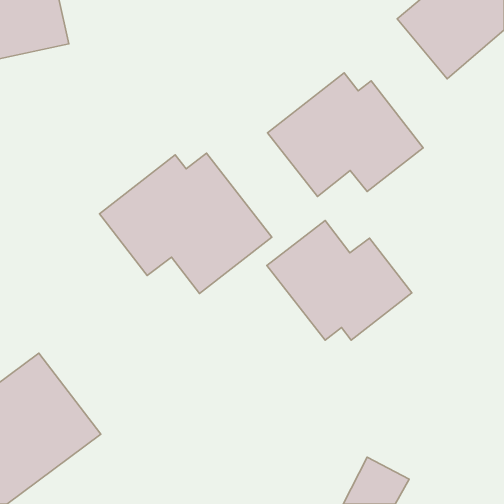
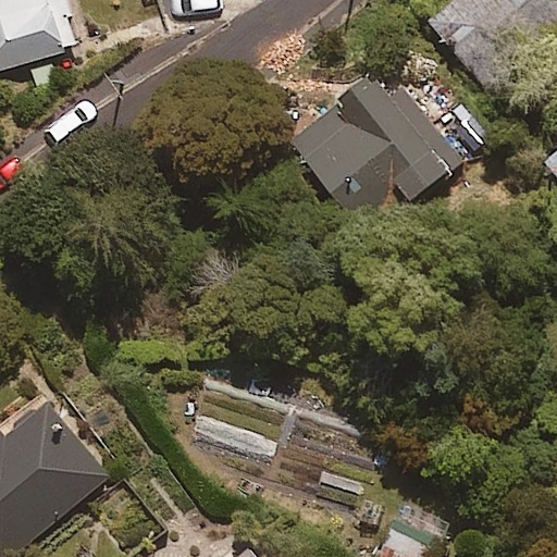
building: [100,153,272,293] -> none
building: [267,220,412,340] -> none

